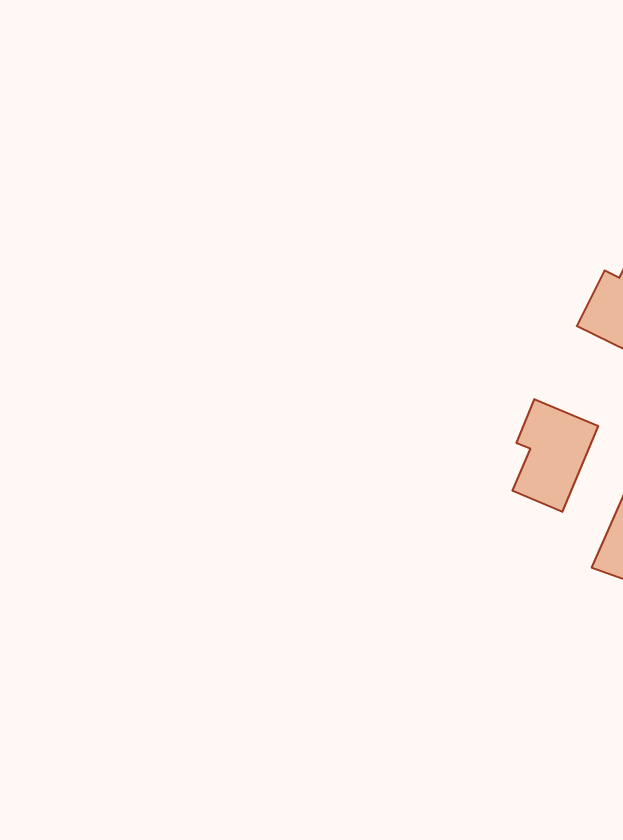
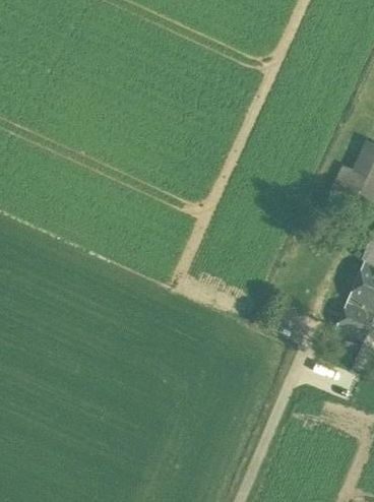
building: [513,399,598,512] -> none

